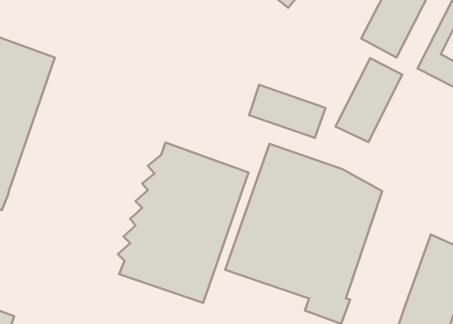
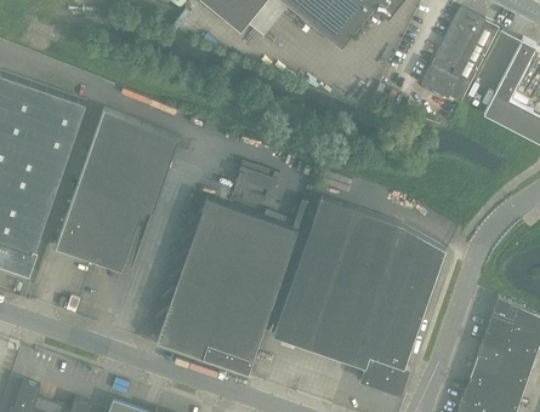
building: [336,58,402,142] -> none
building: none -> [55,109,177,270]
building: [249,85,325,138] -> none

